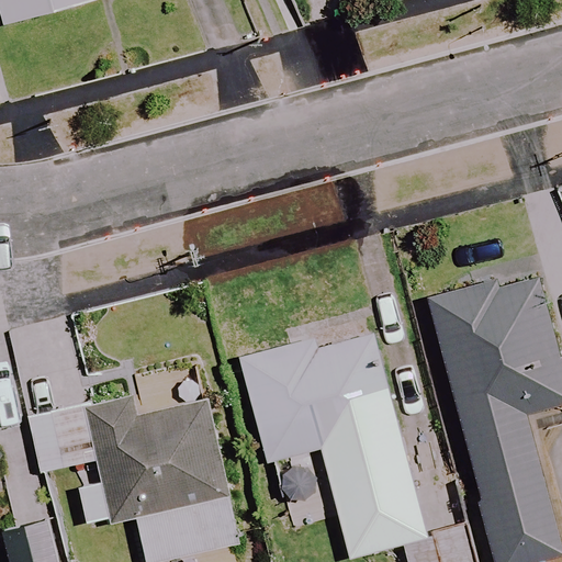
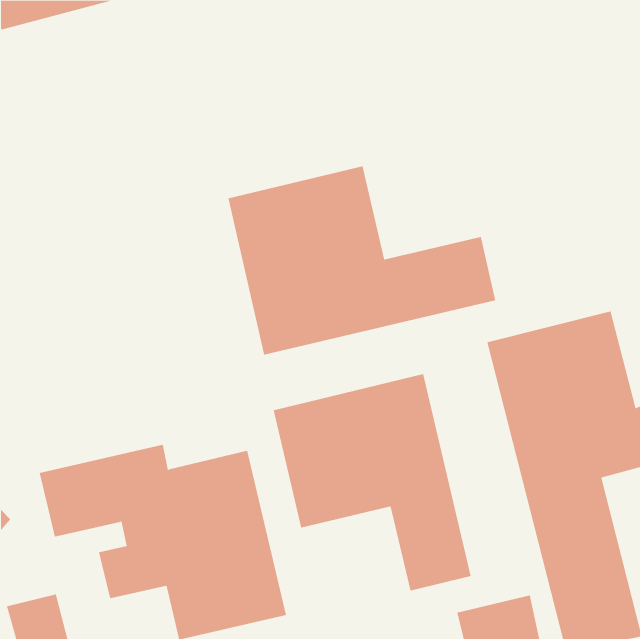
building: none -> [228,166,496,356]

